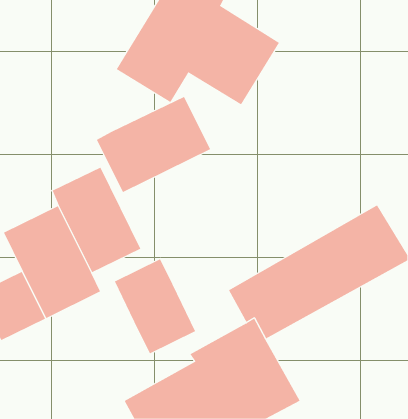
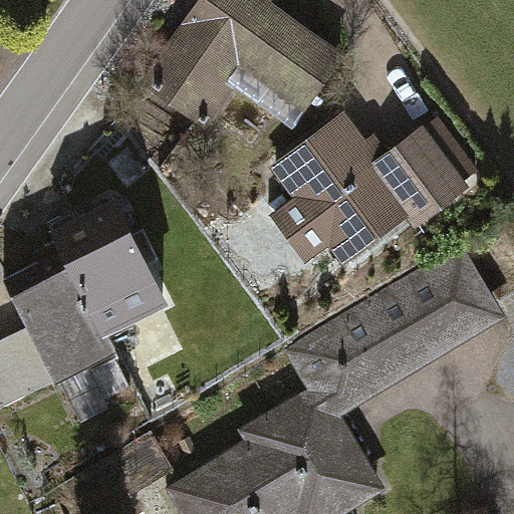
building: none -> [270,113,476,273]
building: [96,96,211,193] -> none
building: [114,258,196,354] -> none

